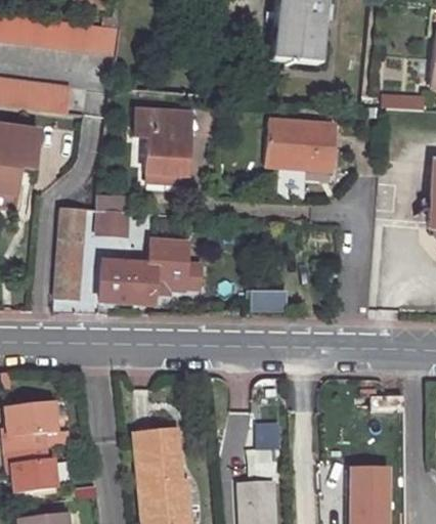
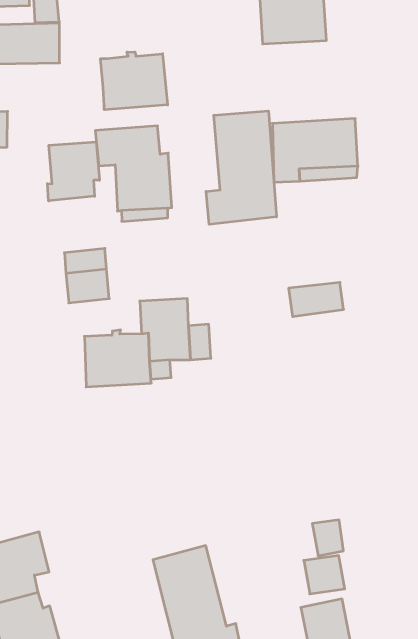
building: none -> [101,52,168,110]
building: none -> [206,111,276,224]
building: none -> [47,142,99,201]
building: [57,209,86,299] -> none
building: [249,290,288,311] -> [289,282,344,317]

